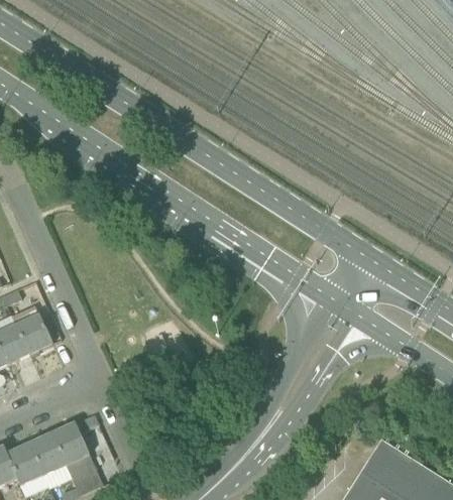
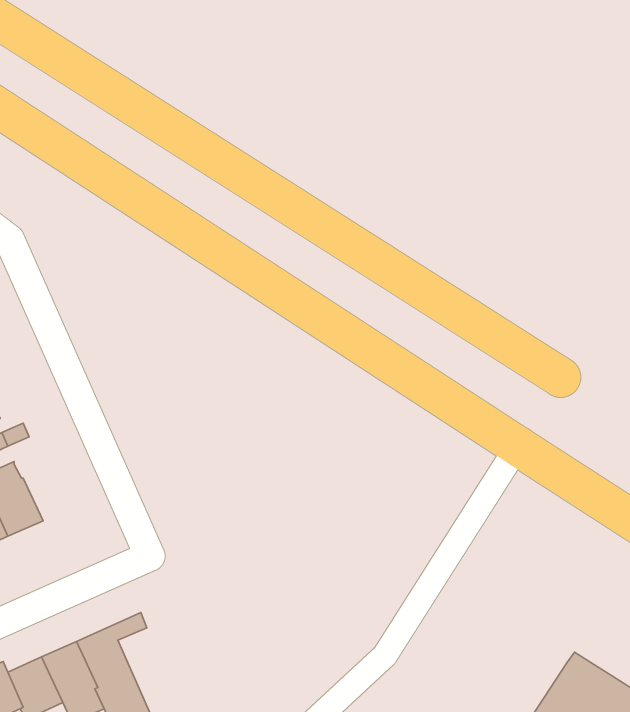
building: [11,305,52,354] -> none

